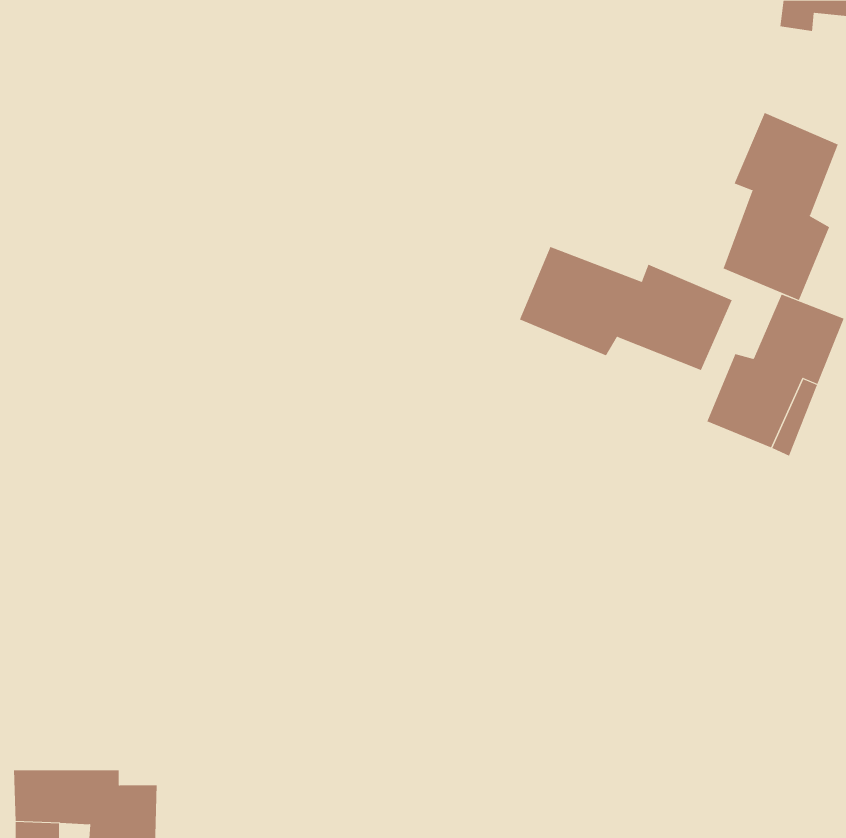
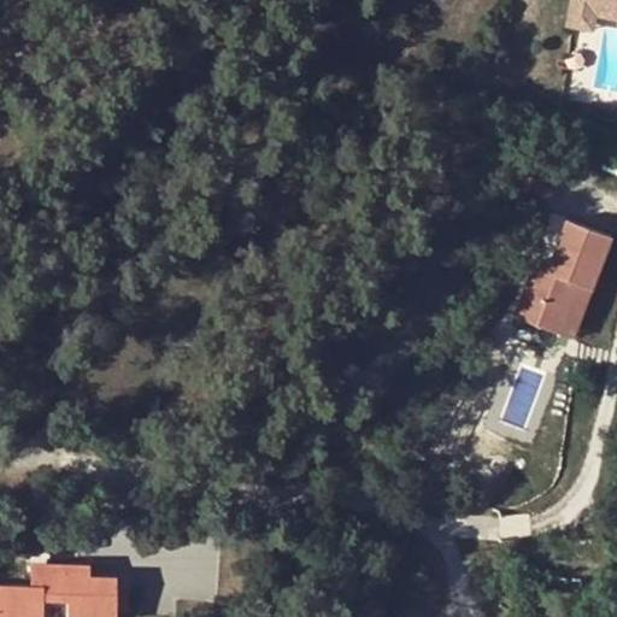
building: [723,112,838,301] -> none
building: [519,246,732,371] -> none

